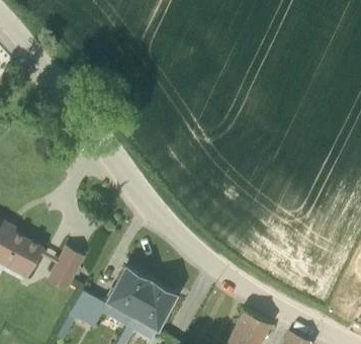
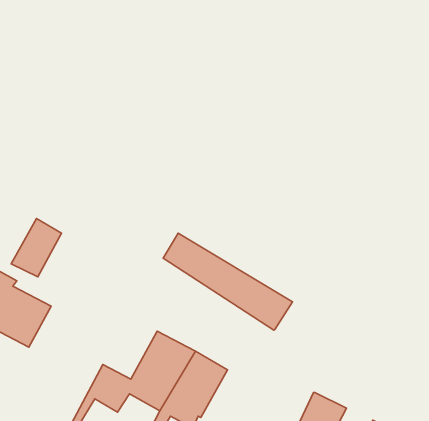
building: none -> [163,233,292,330]
building: [47,246,85,290] -> [11,219,62,277]

